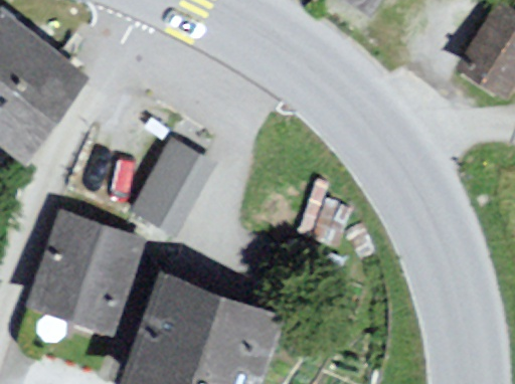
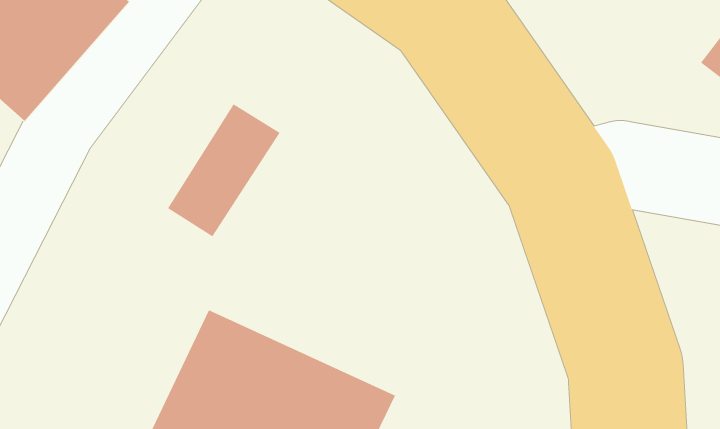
building: [41,216,136,330] -> none

